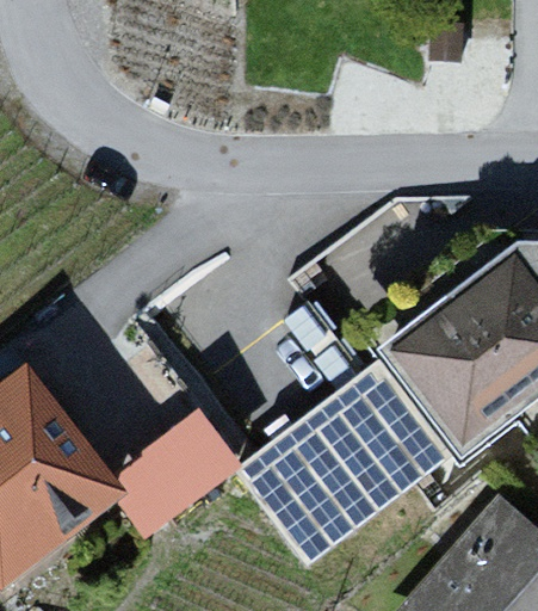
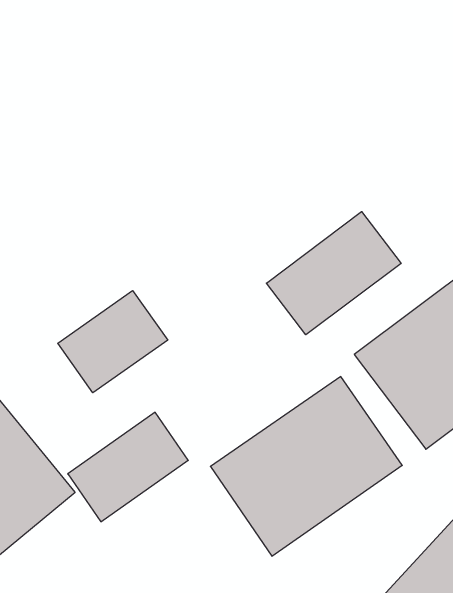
building: none -> [266,212,401,335]
building: none -> [58,291,168,393]

